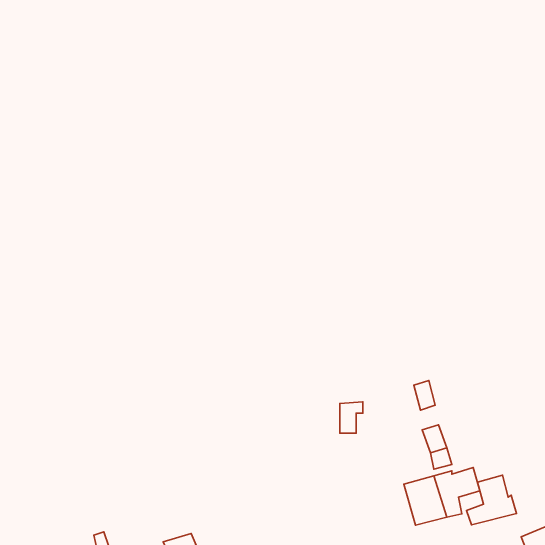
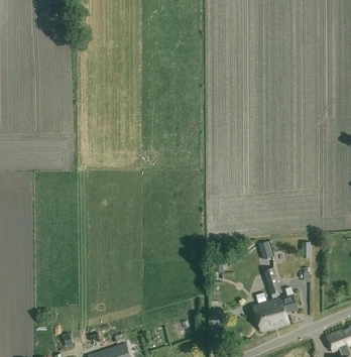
building: [466,475,517,525] -> none

